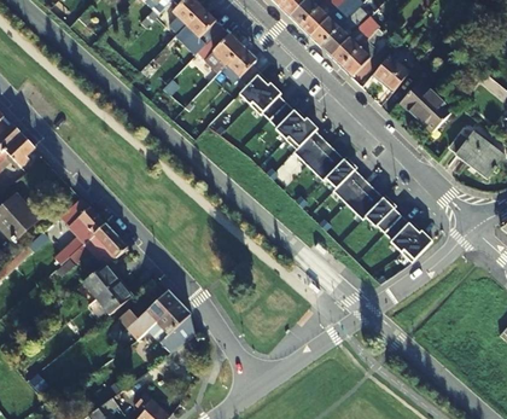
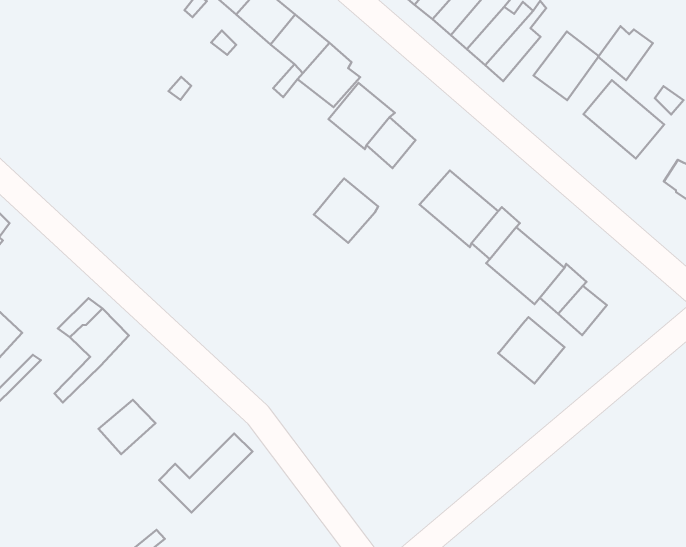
building: none -> [598,26,653,80]
building: [275,110,316,151] -> [314,178,378,243]
building: [390,222,432,264] -> [498,317,565,383]
building: [84,225,127,266] -> none
building: [94,281,130,316] -> none
building: [147,303,194,356] -> none

